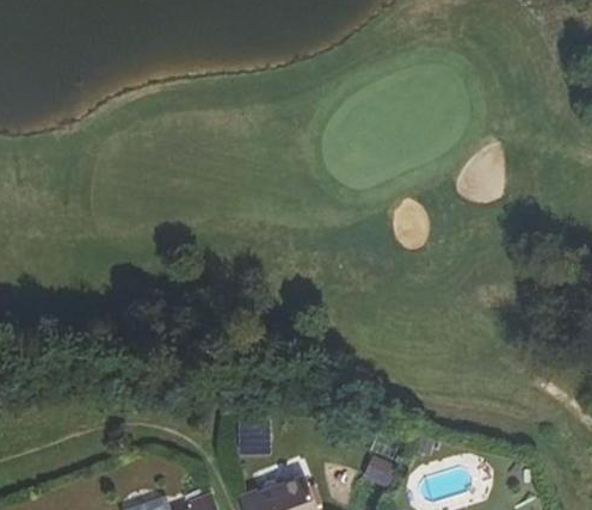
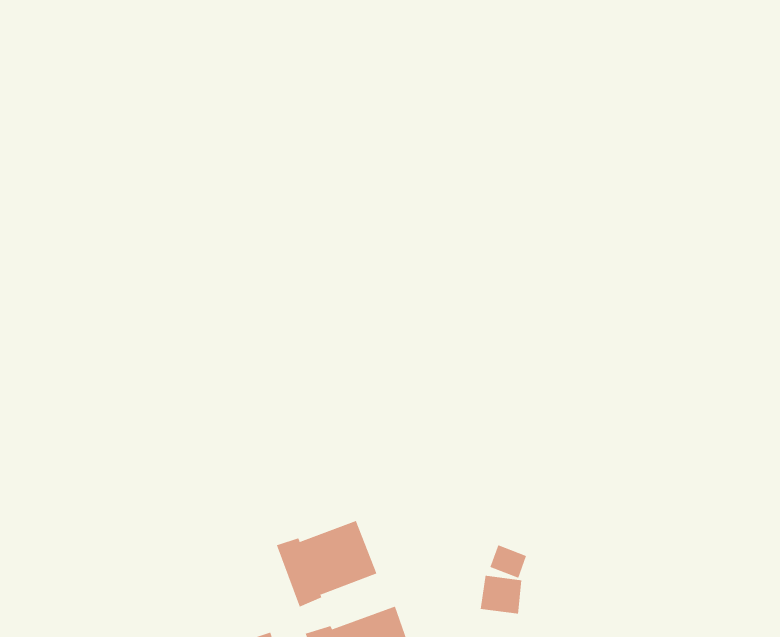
building: none -> [276,520,377,607]

